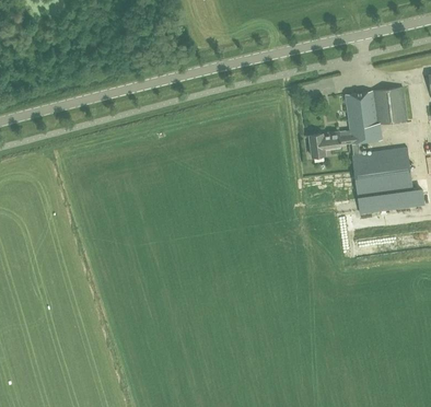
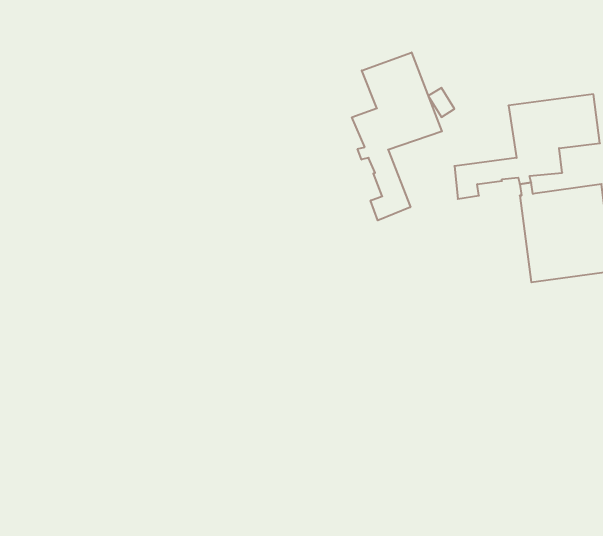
building: none -> [352,52,442,220]

